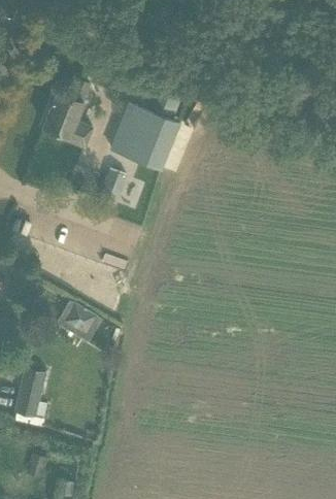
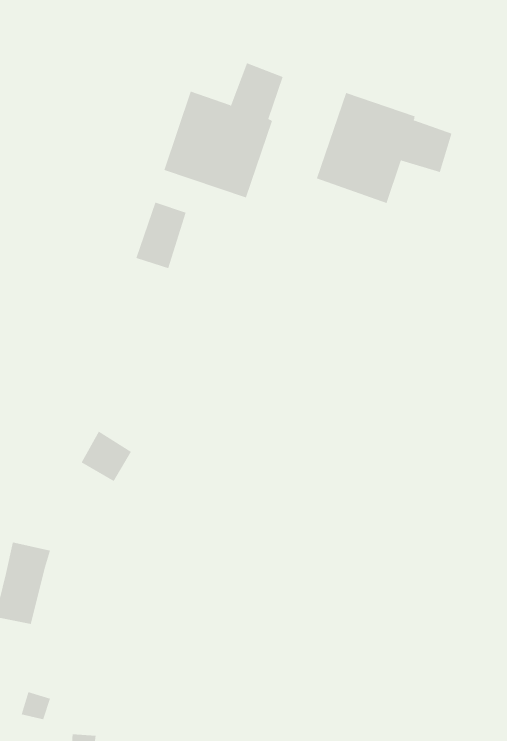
building: [42,79,92,147] -> none
building: none -> [316,92,452,204]

